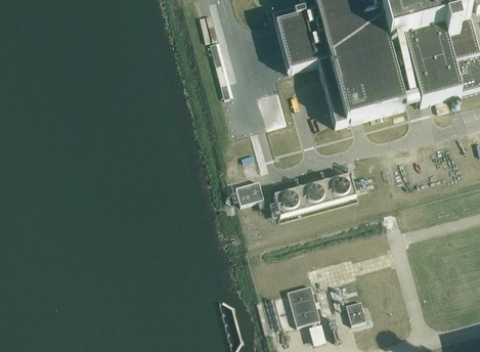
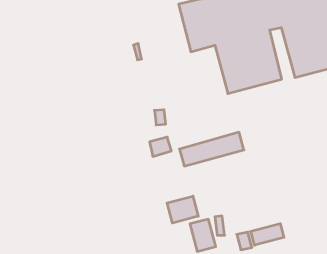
building: none -> [167,196,198,223]
building: none -> [251,224,284,245]

